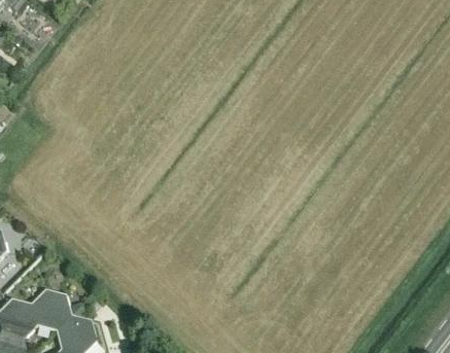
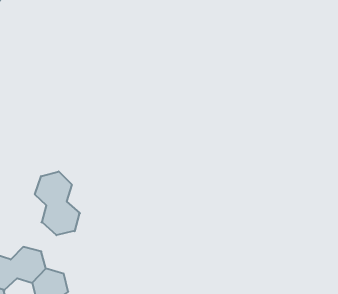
building: none -> [35,171,80,235]

